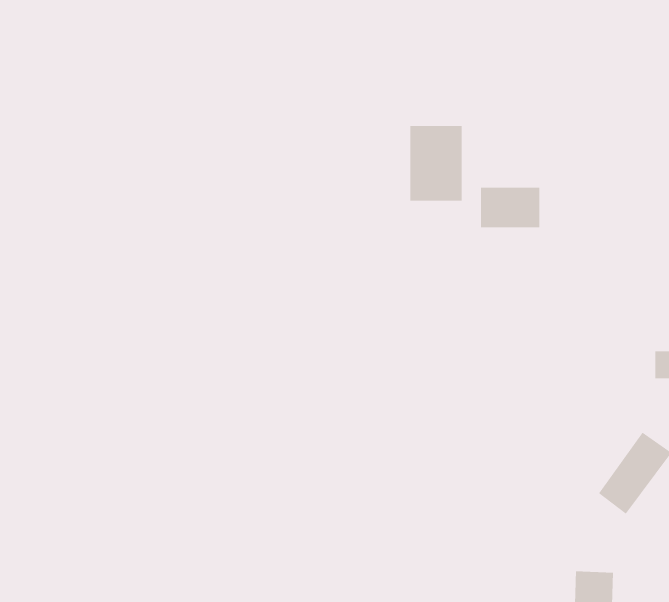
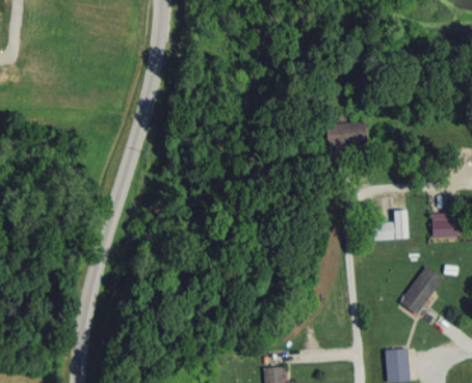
building: [410,125,462,202] -> none
building: none -> [374,211,408,240]

